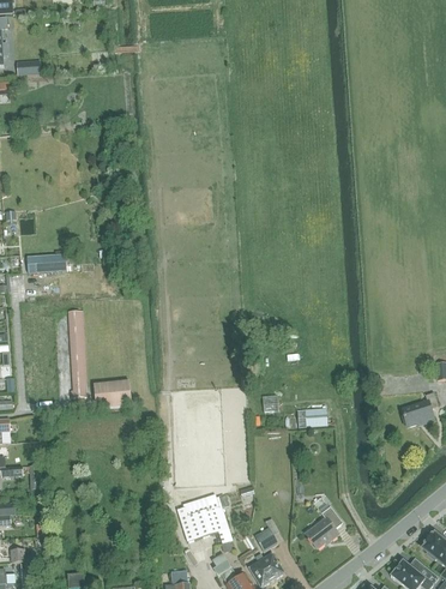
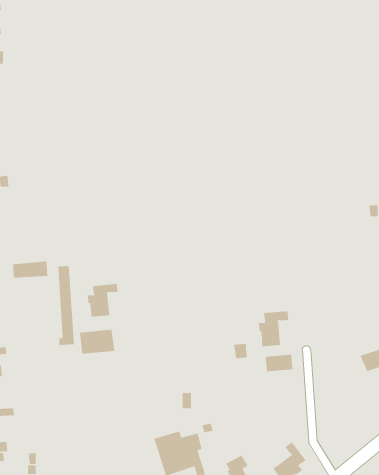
building: [25,251,65,270] -> [12,261,48,278]
building: none -> [87,283,118,318]
building: none -> [258,311,289,347]

